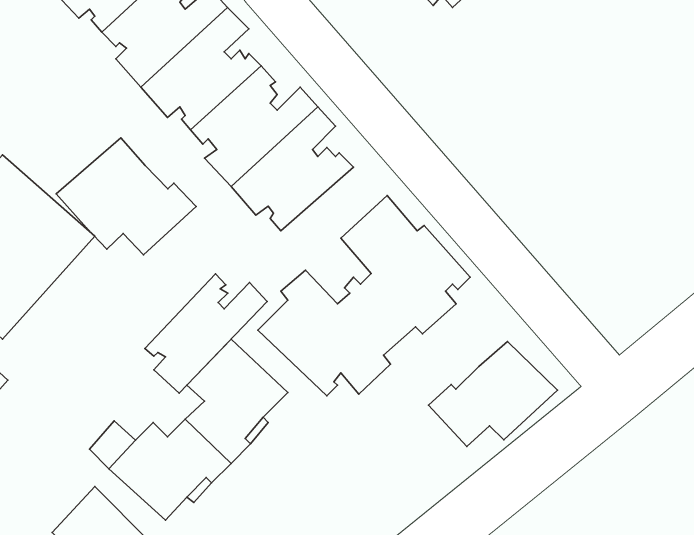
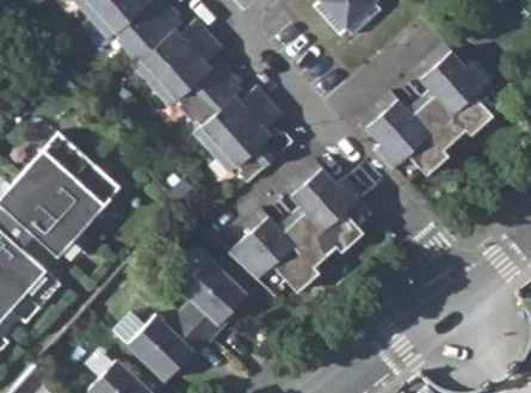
building: none -> [360,43,504,182]
building: [56,138,196,255] -> none
building: [145,274,267,393] -> none
building: [428,341,557,446] -> none

